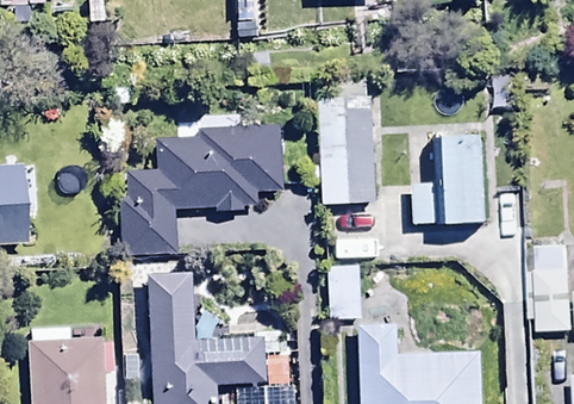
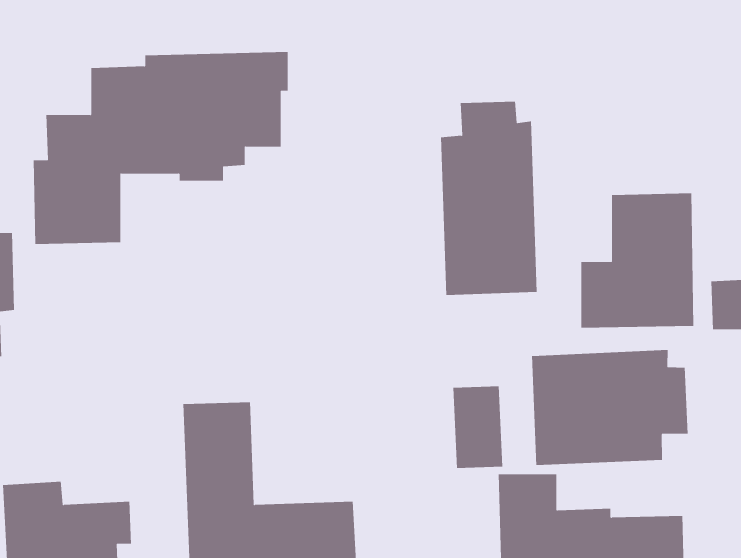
building: [117,126,286,254] -> [33,52,289,244]
building: none -> [532,349,688,466]

